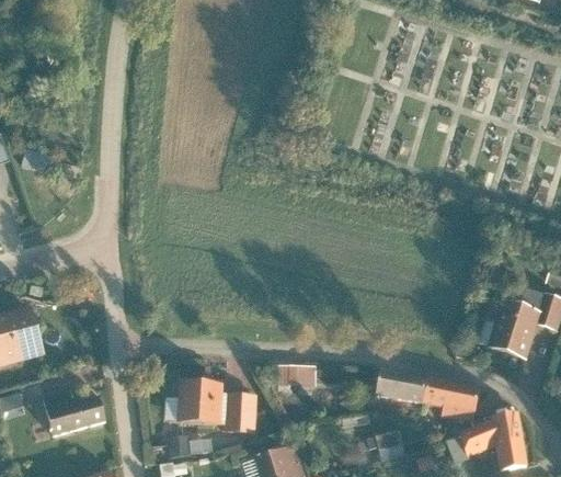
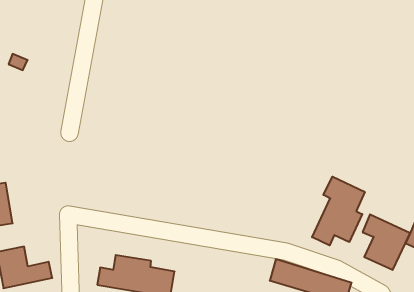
building: none -> [312,177,365,245]
building: [275,368,312,388] -> none

